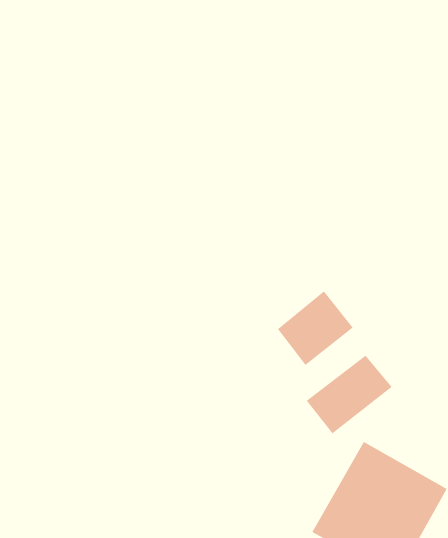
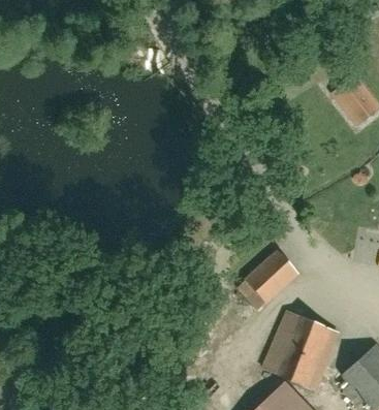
building: [277,290,353,366] -> none

